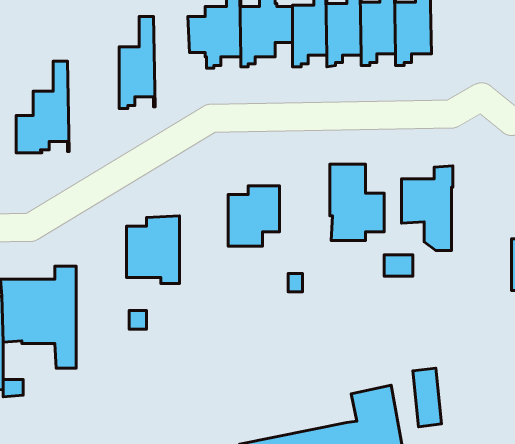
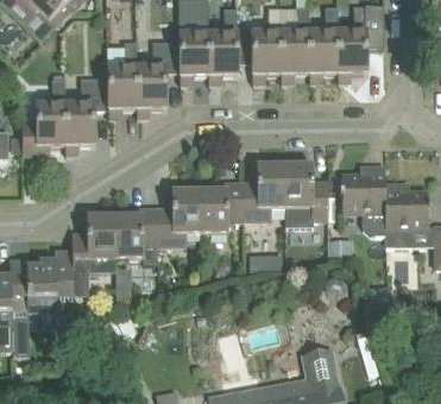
building: none -> [137,42,166,116]
building: none -> [65,67,108,153]
building: none -> [241,164,283,220]
building: none -> [384,183,428,246]
building: none -> [158,189,199,245]
building: none -> [73,215,114,271]

